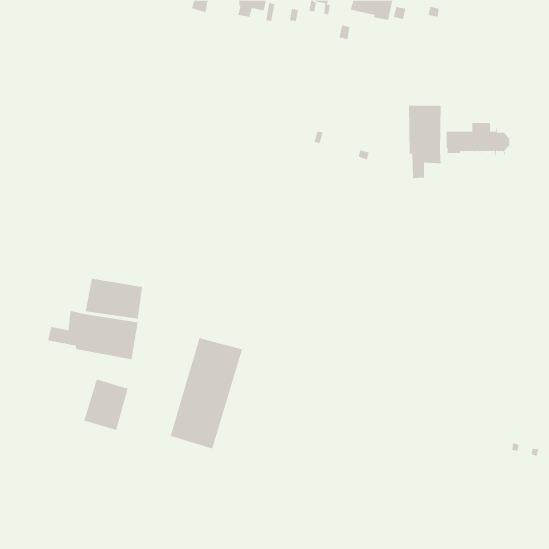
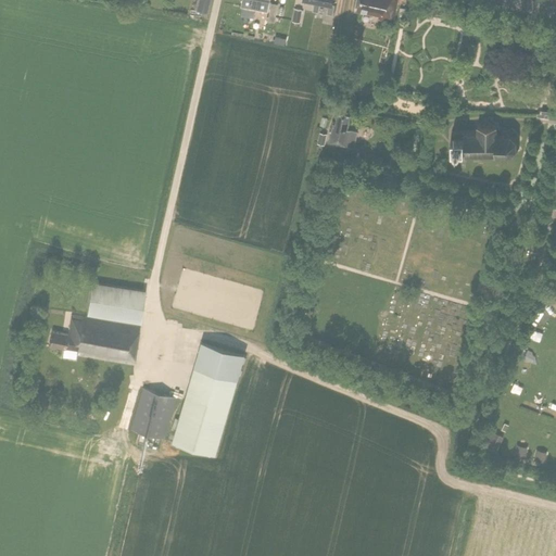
building: [408,105,441,179] -> none
building: none -> [329,112,357,148]
building: [83,379,129,430] -> [130,387,176,439]

